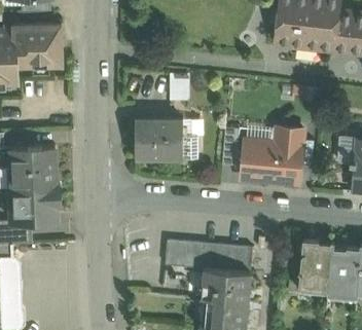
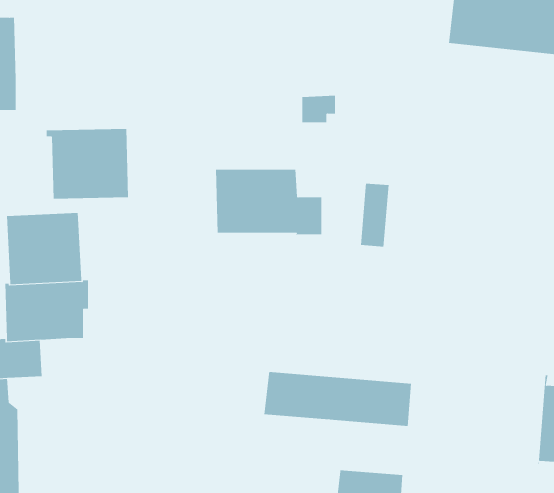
building: [13,24,63,66] -> [46,128,129,199]
building: [242,126,303,182] -> none
building: [299,240,332,295] -> none
building: [202,268,251,301] -> none

